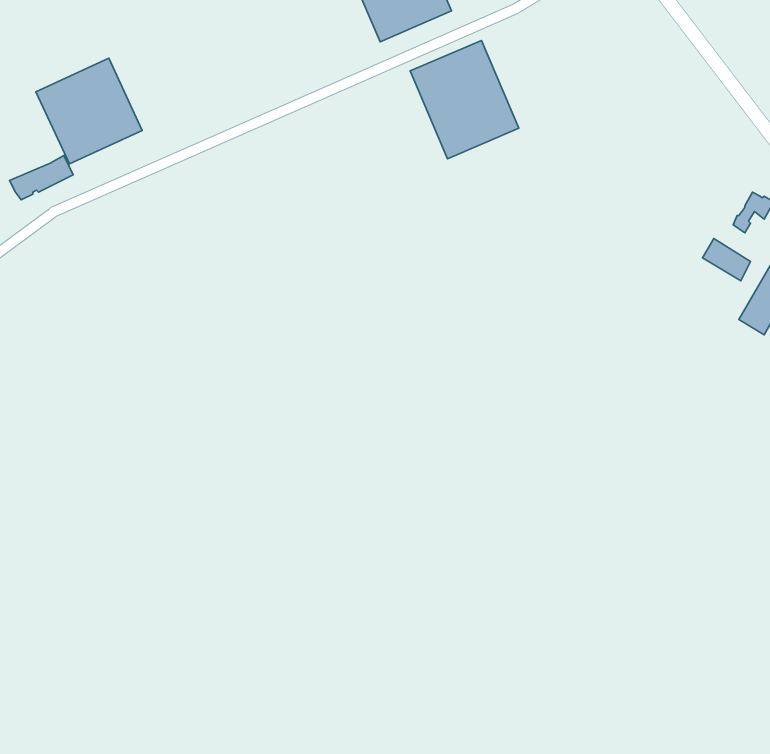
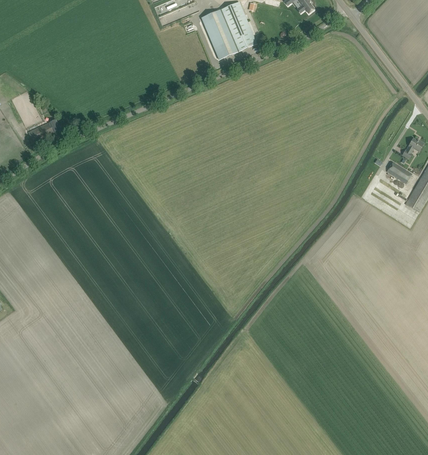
building: [410,40,519,159] -> none
building: [36,58,142,164] -> none

